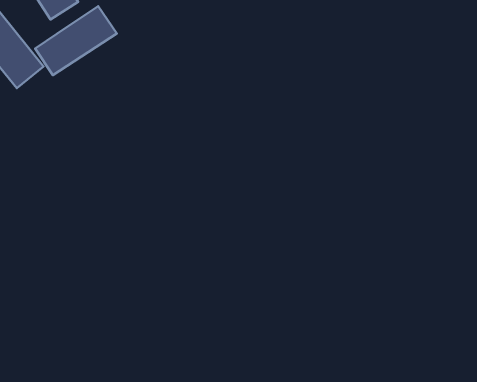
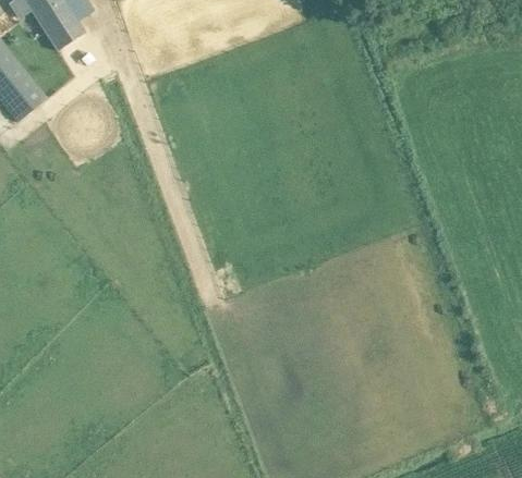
building: [35,6,117,75] -> none

